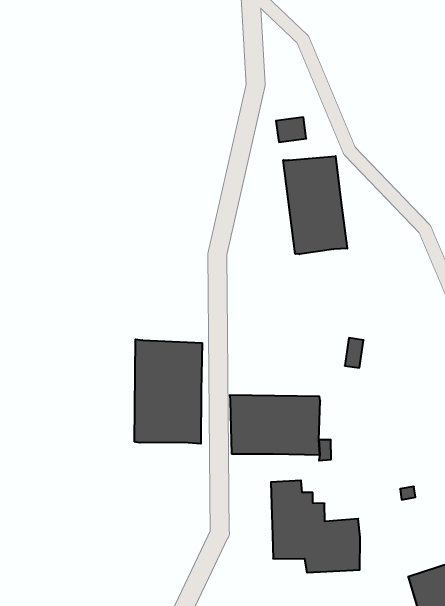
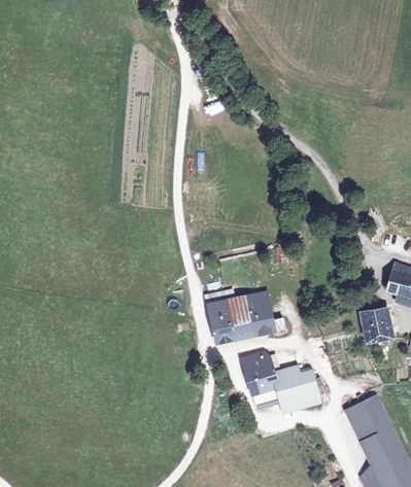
building: [283,156,347,254] -> none
building: [135,339,202,444] -> none

